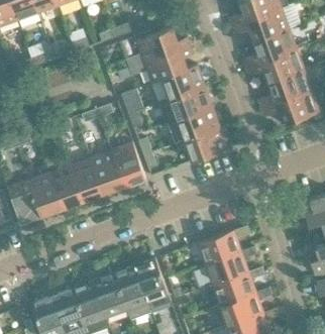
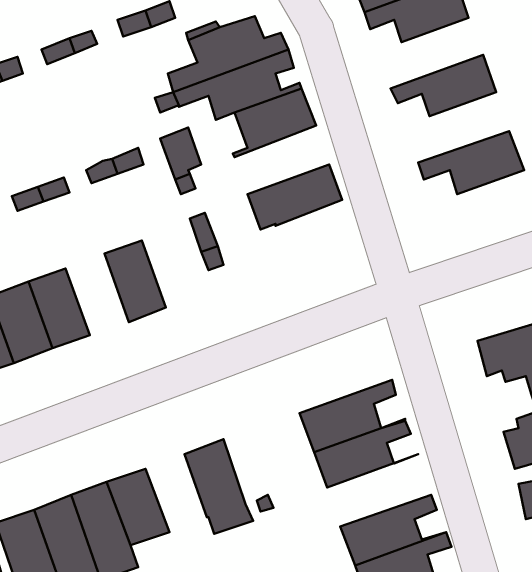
building: [243,29,297,68] -> none
building: [258,70,311,108] -> none
building: [161,88,213,125] -> none
building: [184,128,228,162] -> none
building: [111,142,145,187] -> none
building: [70,157,104,202] -> none
building: [113,266,146,309] -> none
building: [212,266,268,306] -> none

